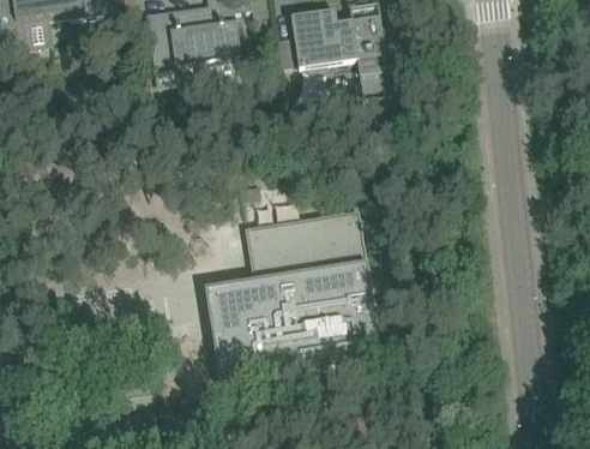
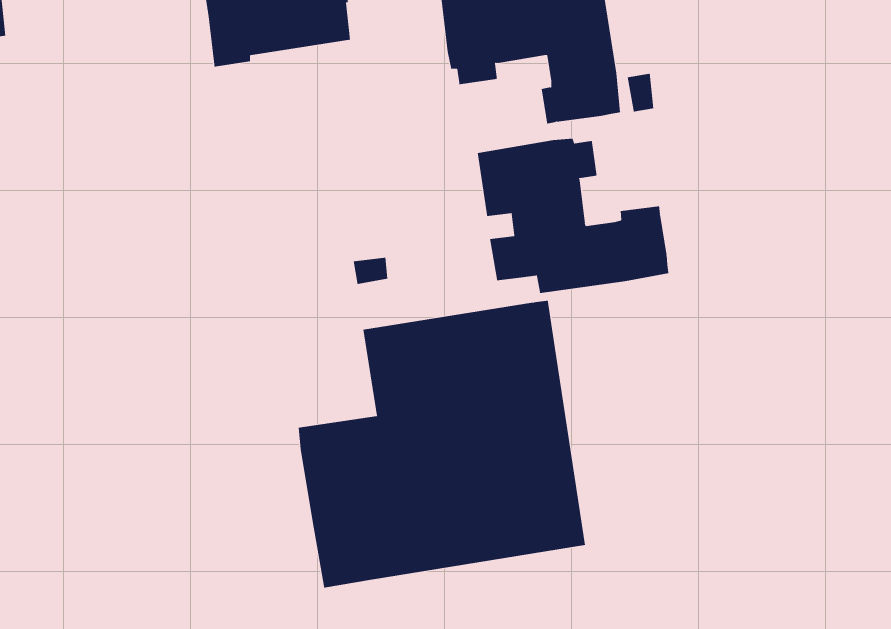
building: none -> [477,138,669,294]

